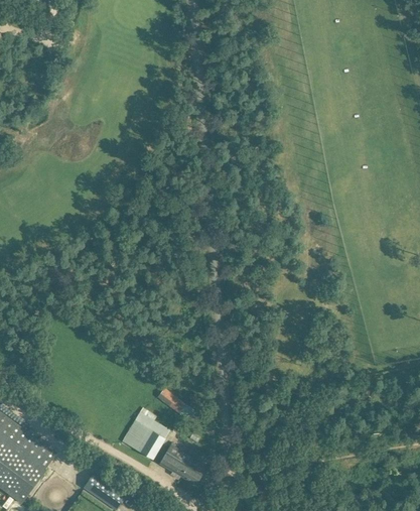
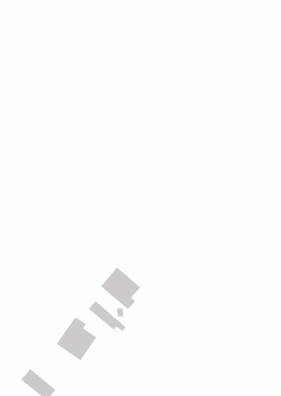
building: none -> [100,267,141,310]
building: [160,444,202,485] -> none

